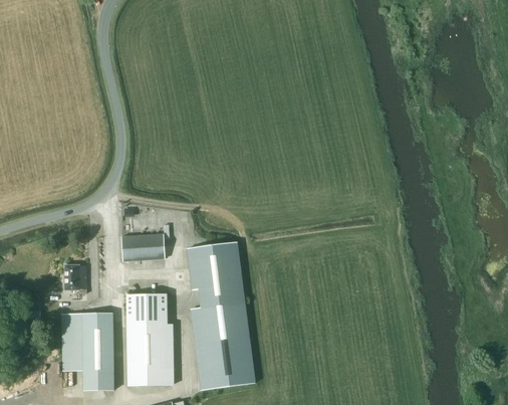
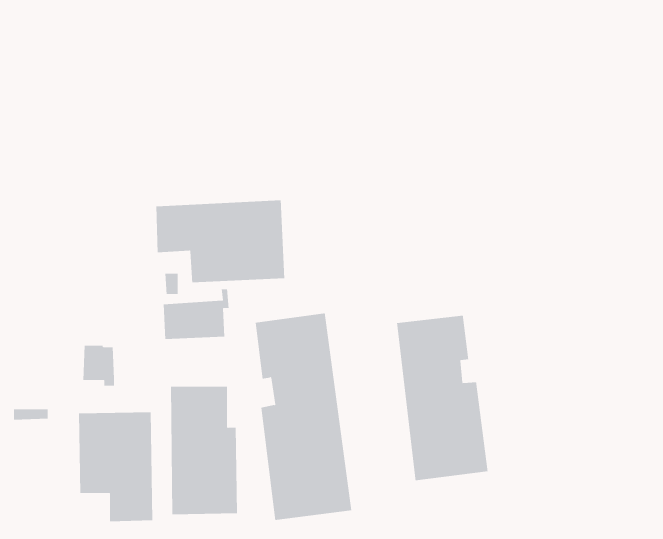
building: none -> [156,200,285,283]
building: none -> [396,315,488,481]

